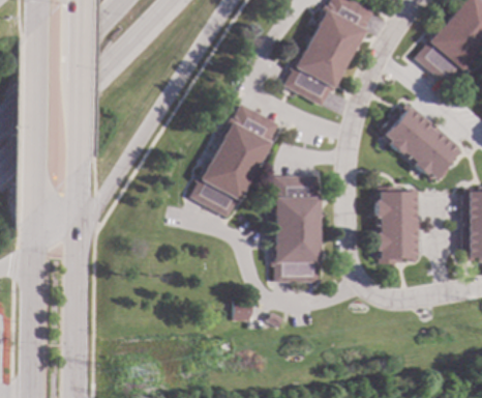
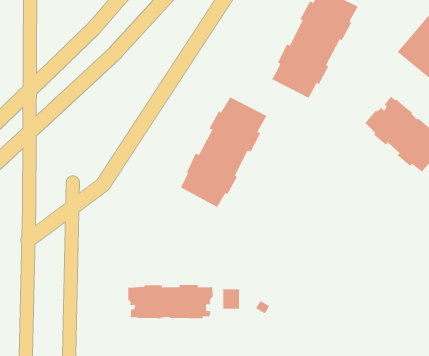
building: [273,177,323,283] -> none
building: [376,188,420,265] -> none
building: none -> [128,284,213,319]

